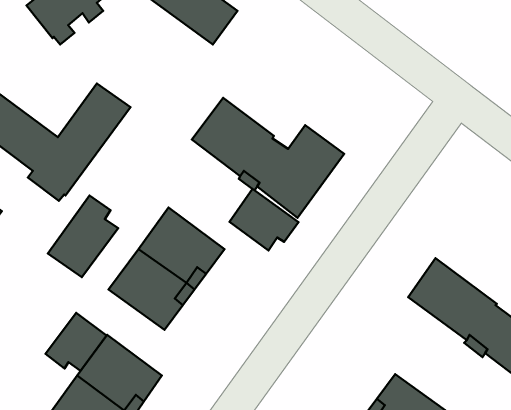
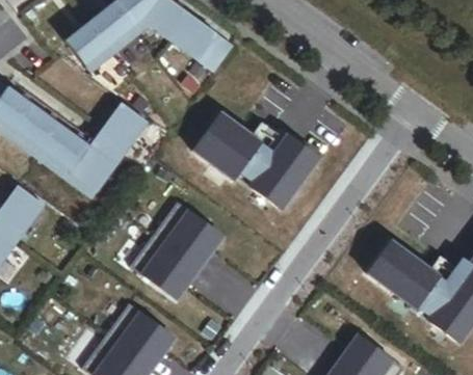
building: [229,189,298,250] -> none
building: [48,196,118,277] -> none
building: [46,313,107,371] -> none

